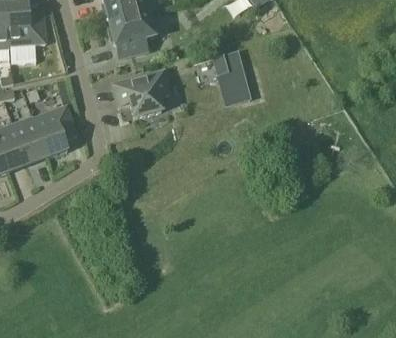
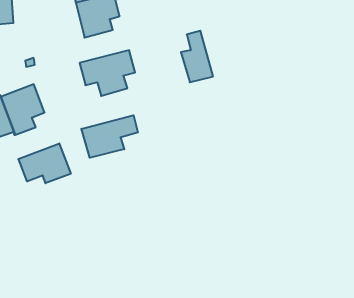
building: none -> [81,115,138,158]
building: none -> [18,143,71,183]

